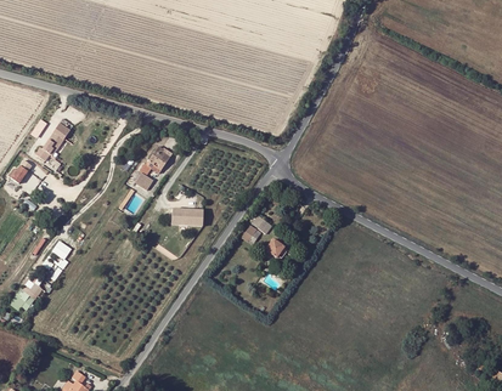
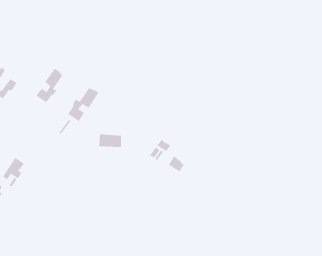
building: none -> [35,68,63,103]

